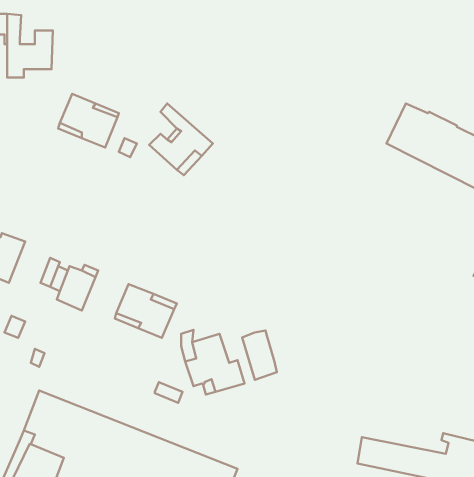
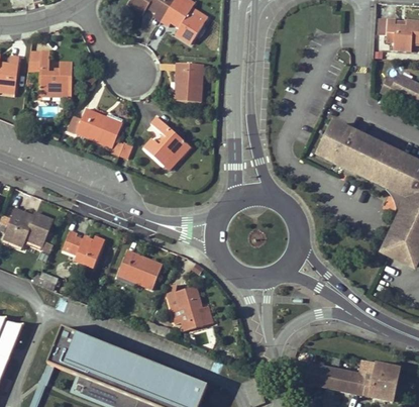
building: none -> [175,63,202,101]
building: [242,330,277,380] -> none

